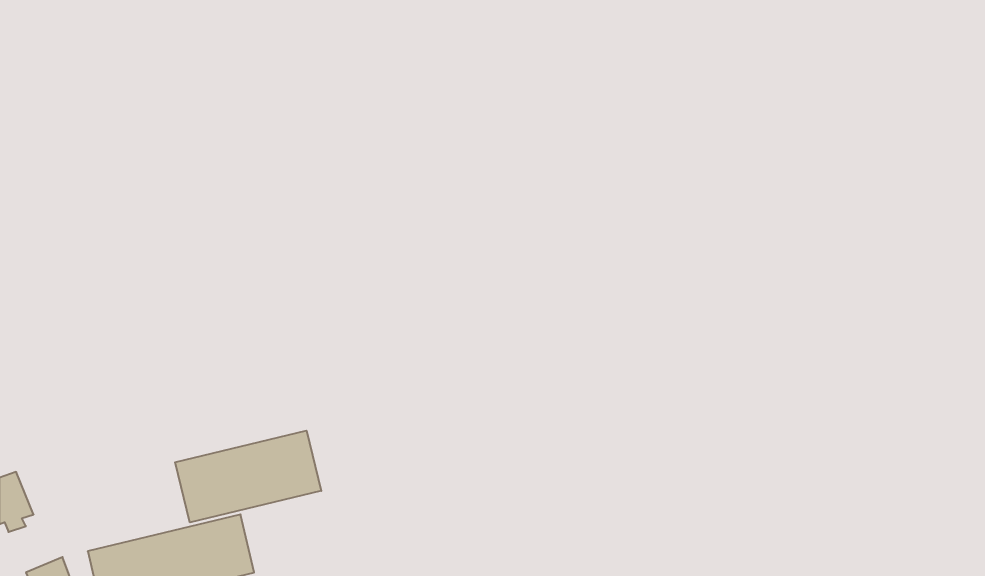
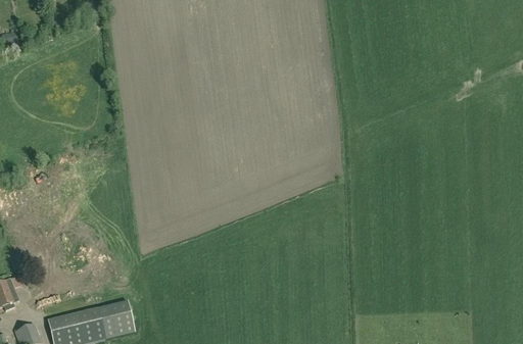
building: [175,431,321,522] -> none

